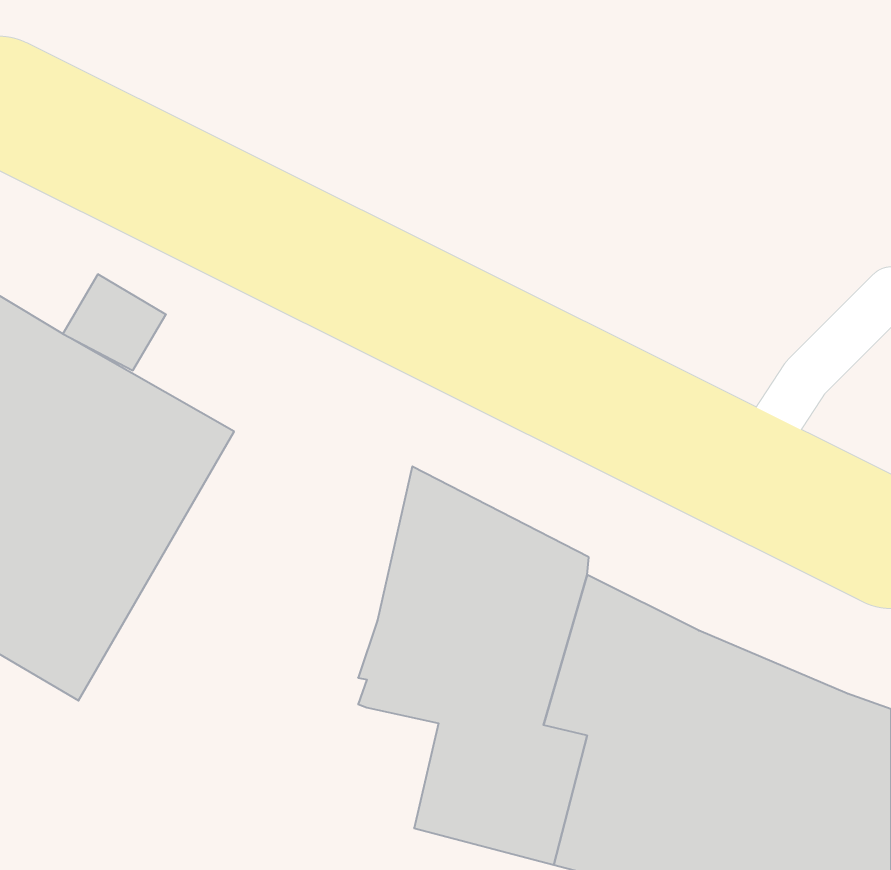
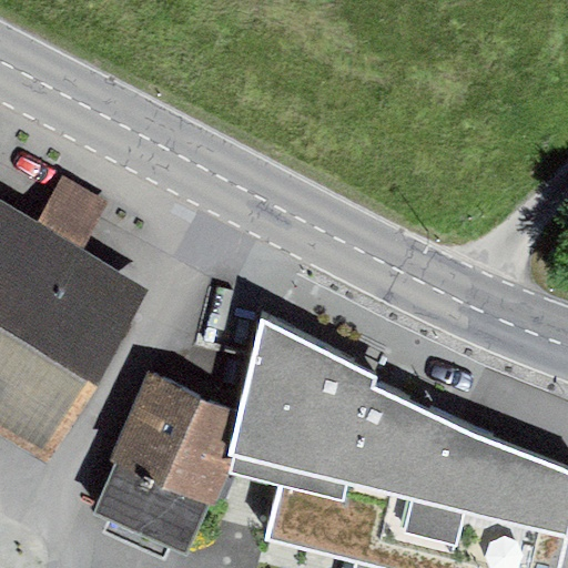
building: none -> [92,372,240,555]

